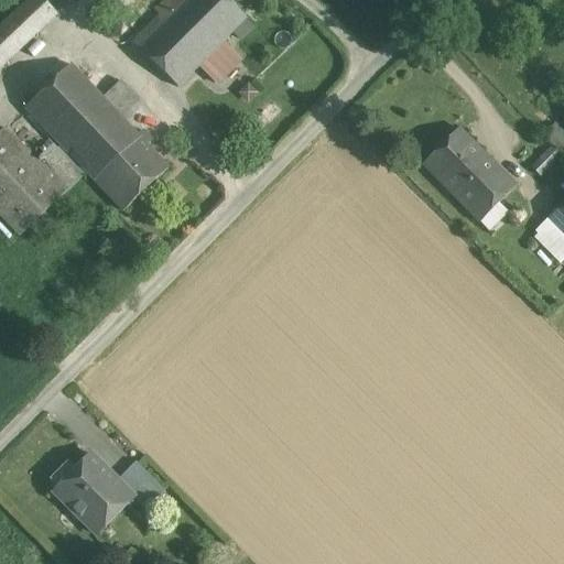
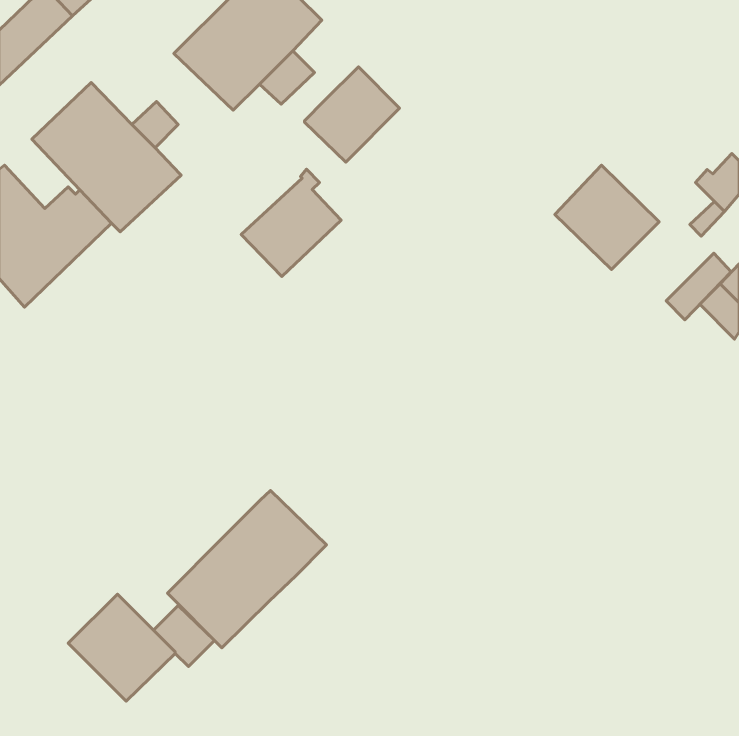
building: none -> [304,67,400,162]
building: [91,127,167,208] -> [241,169,341,277]
building: [465,169,514,219] -> [666,253,731,320]
building: none -> [167,490,326,648]

